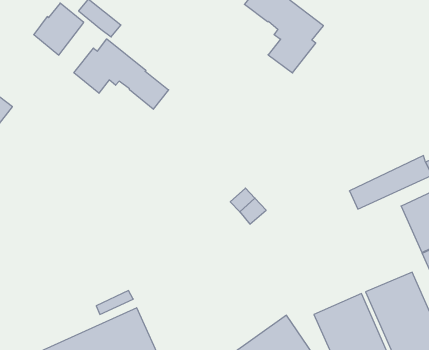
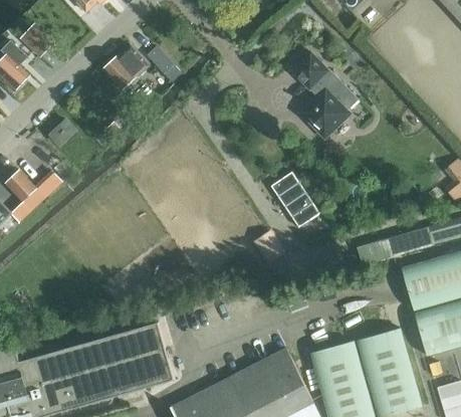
building: [74,39,169,109] -> none
building: none -> [270,173,319,228]

